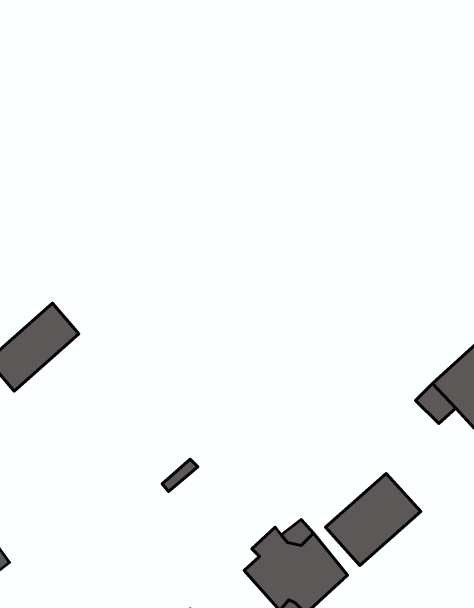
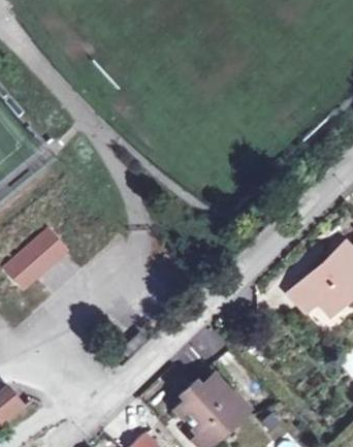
building: [325,473,421,565] -> none

